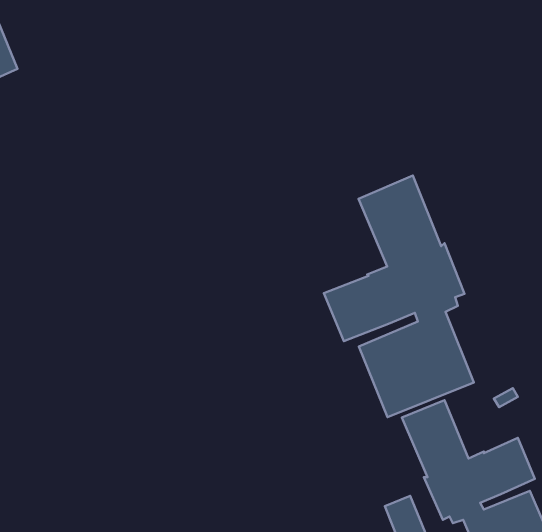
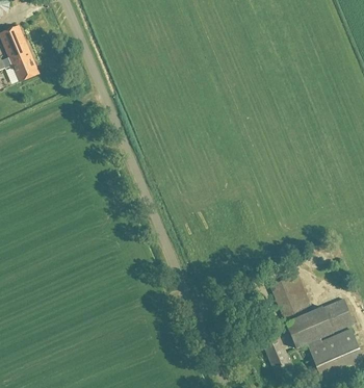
building: [324,175,474,417] -> none

